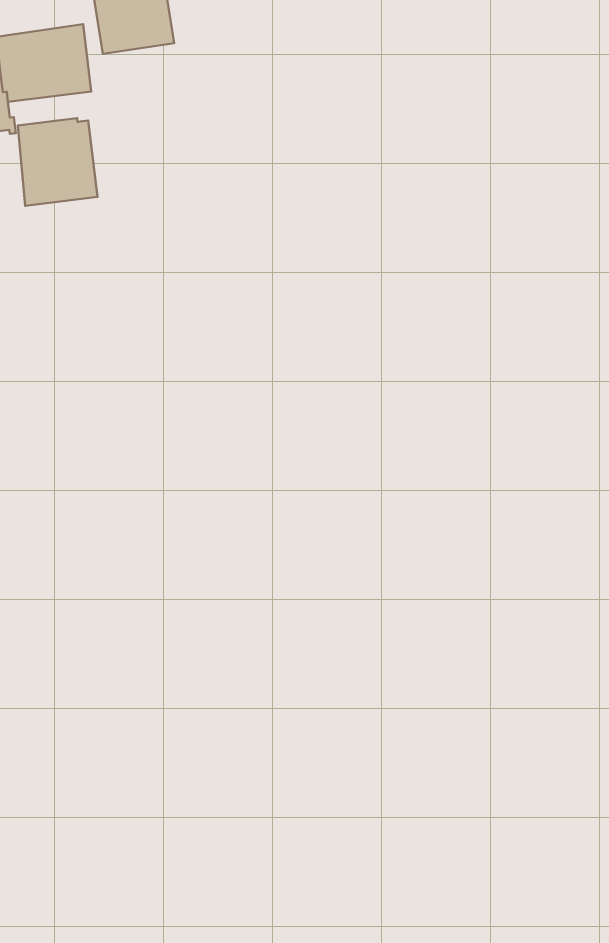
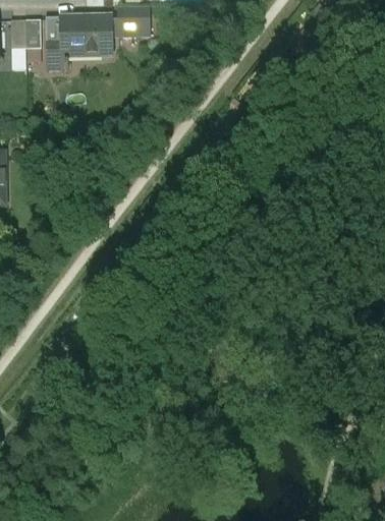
building: [18,118,97,206] -> none

